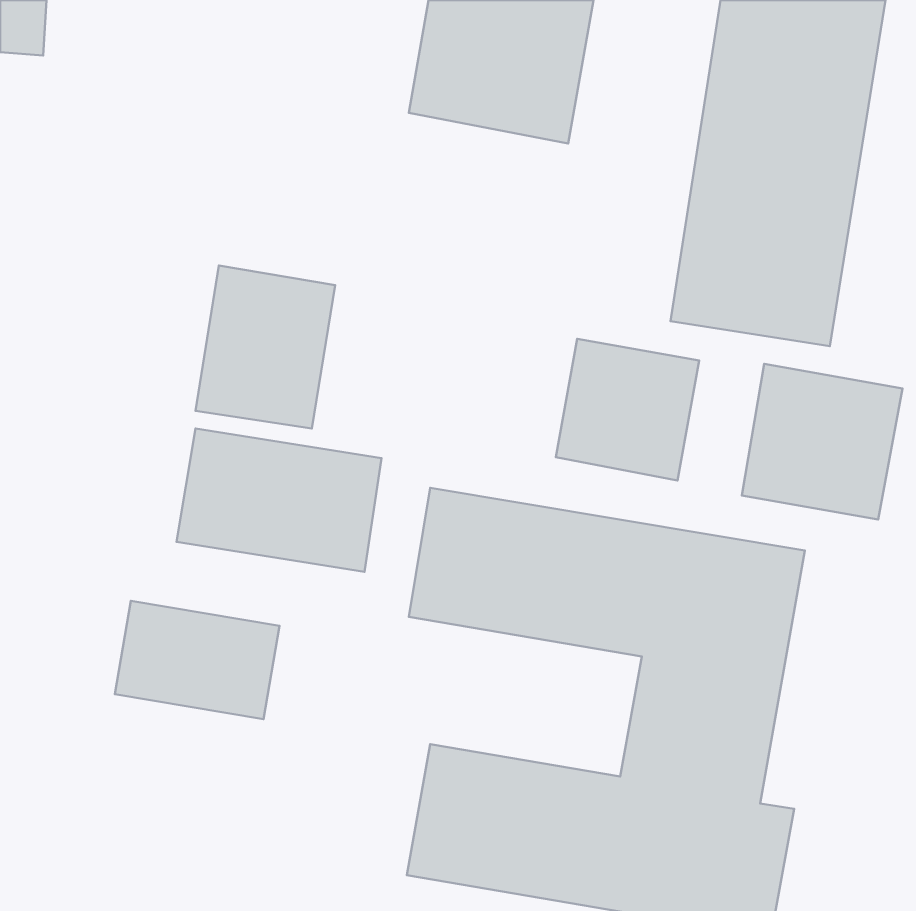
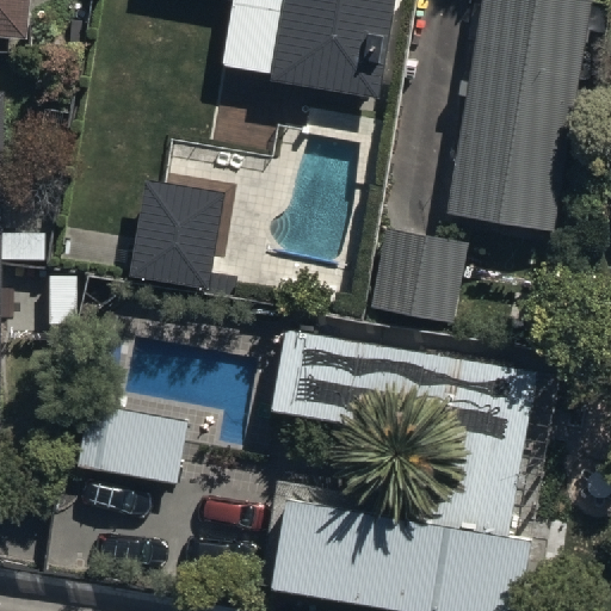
building: [742,364,902,520] -> none
building: [176,429,382,572] -> none

